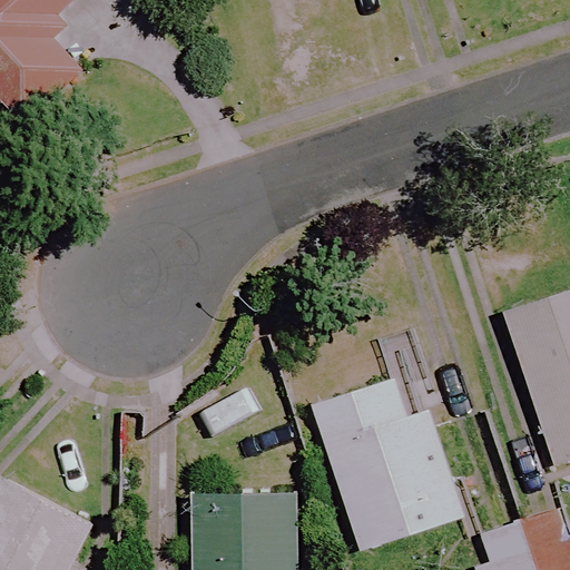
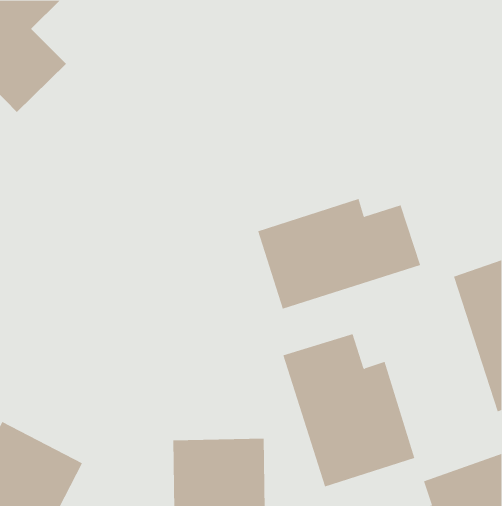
building: none -> [258,198,421,310]

